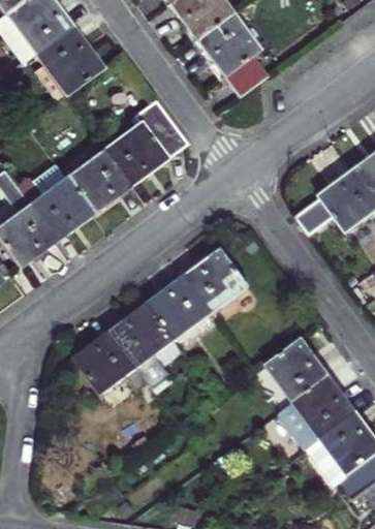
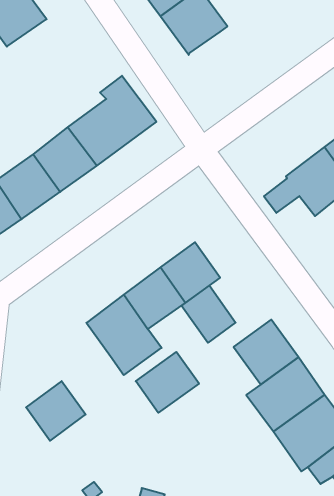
building: [41,40,110,108] -> none
building: [222,53,267,94] -> none
building: none -> [182,286,236,343]
building: [85,340,144,399] -> [26,381,86,441]
building: none -> [136,352,199,413]

